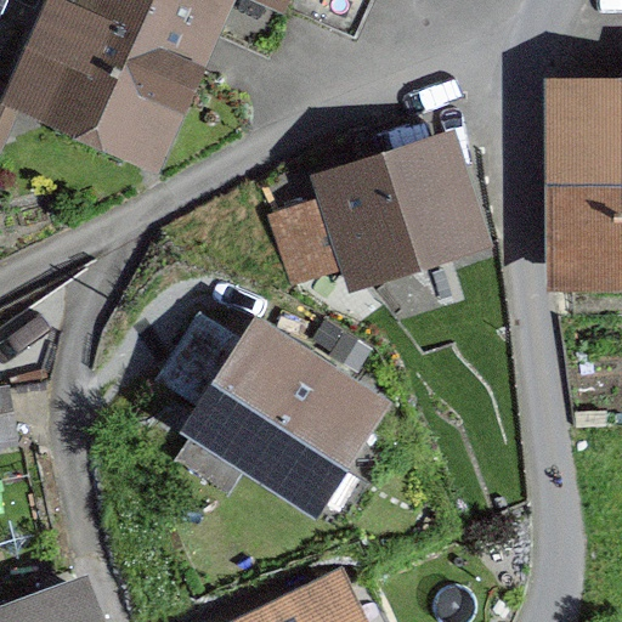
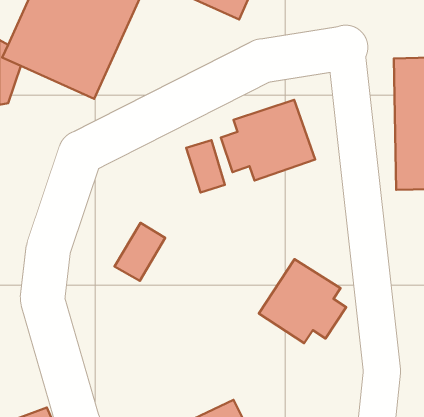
building: [197,333,375,503] -> none
building: none -> [259,259,346,343]

